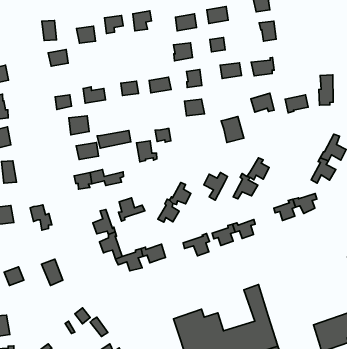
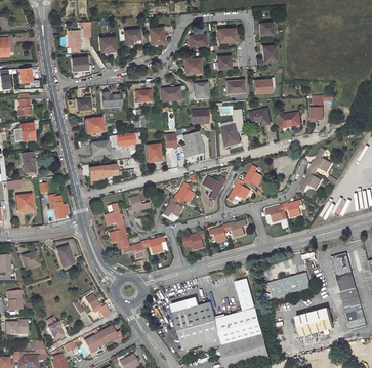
building: none -> [182,131,204,157]
building: none -> [268,272,311,296]

